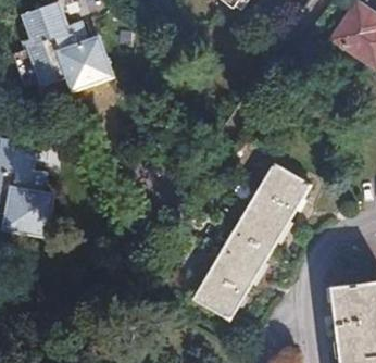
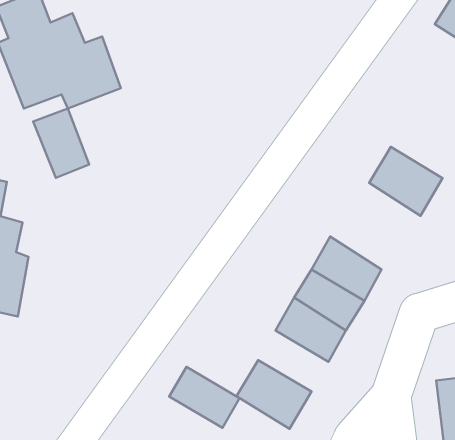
building: none -> [33,108,89,178]
building: [258,161,309,209] -> [369,147,442,216]
building: [208,251,256,293] -> [169,367,240,428]

